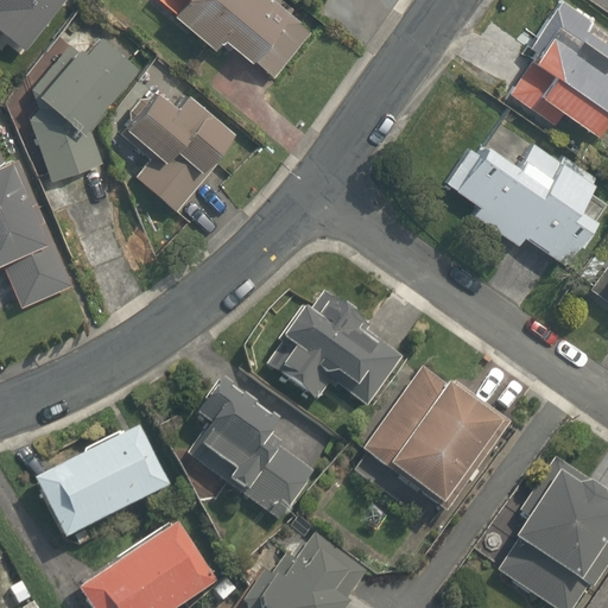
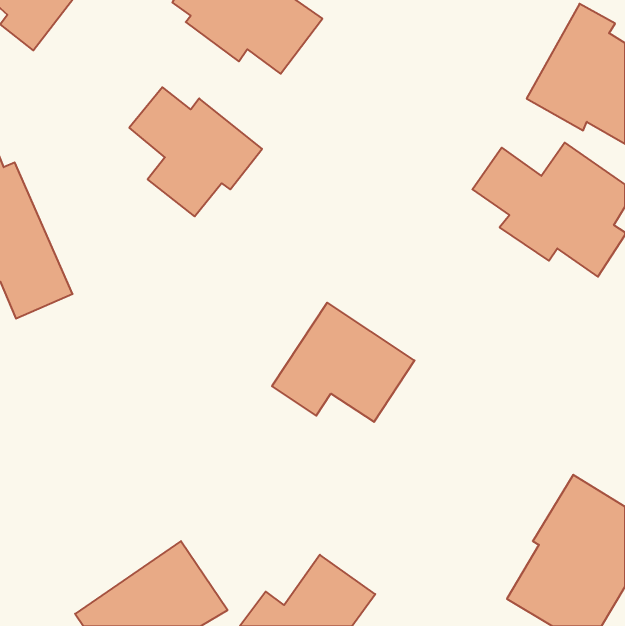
building: [28,38,151,183] -> none
building: [354,369,501,514] -> none
building: [180,384,322,525] -> none
building: [28,423,172,547] -> none

